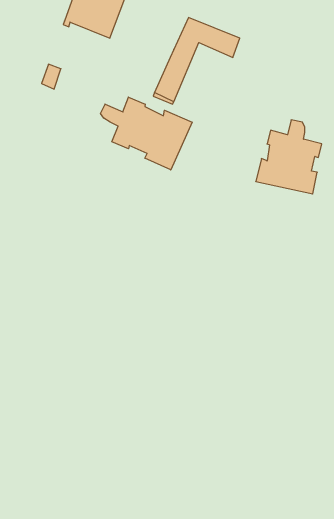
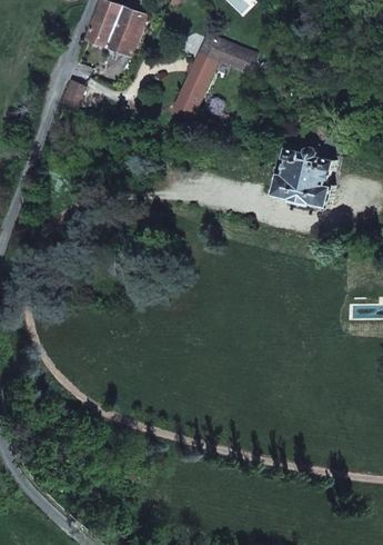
building: [101,97,192,170] -> none

